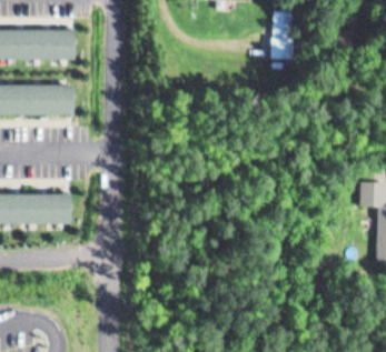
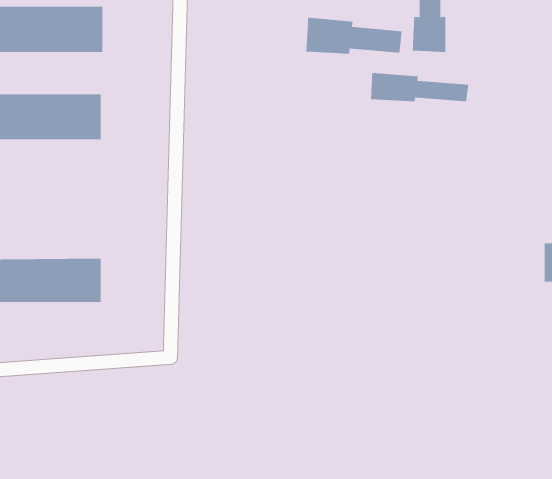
building: none -> [306,17,402,54]
building: none -> [370,72,469,102]

